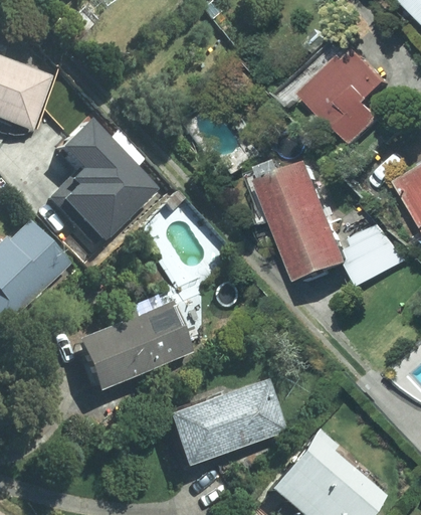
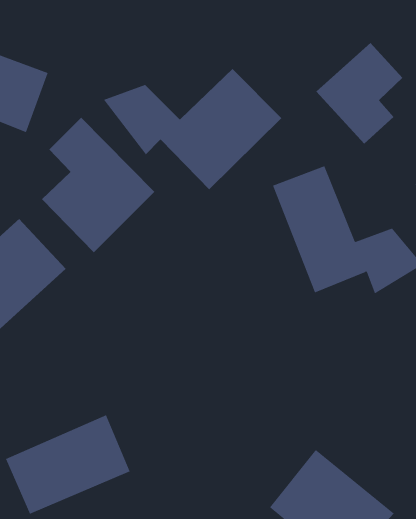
building: none -> [103,68,282,190]
building: [67,298,187,393] -> [5,414,131,515]
building: [159,371,284,467] -> none

